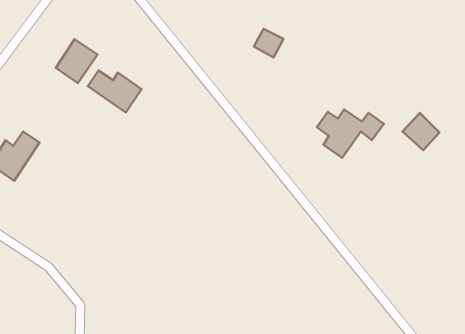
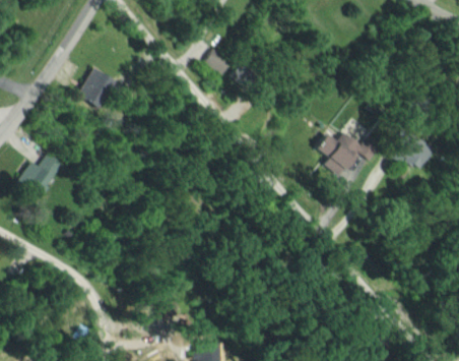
building: [254,29,283,58] -> [204,48,232,74]
building: [88,70,141,112] -> none

